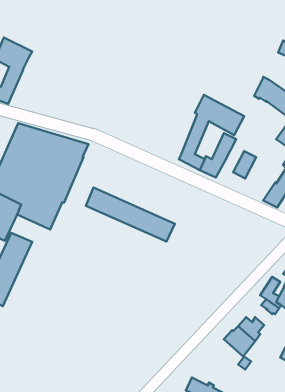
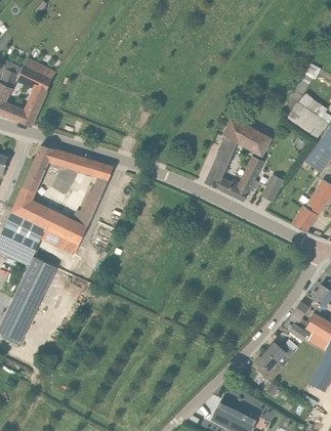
building: [86,187,175,241] -> none

